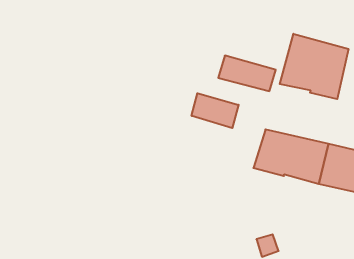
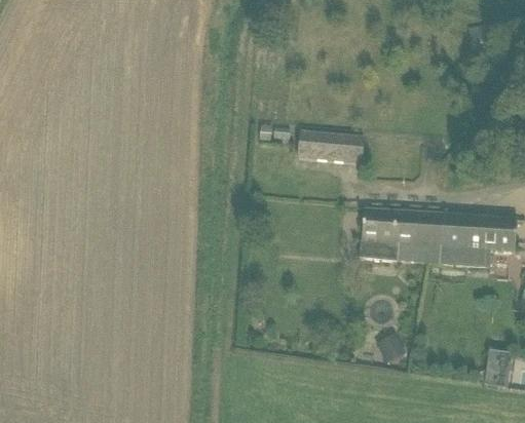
building: [280,34,348,99] -> none
building: [192,93,239,128] -> none

